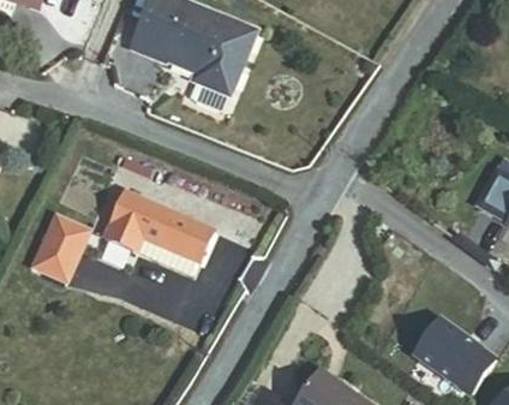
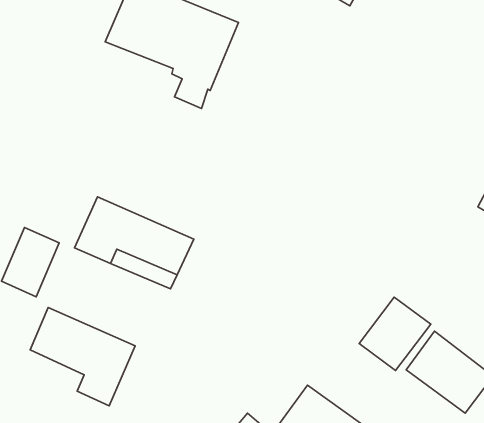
building: none -> [359,297,431,370]
building: none -> [30,308,135,406]

